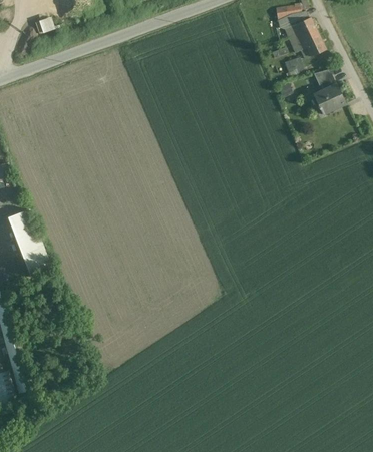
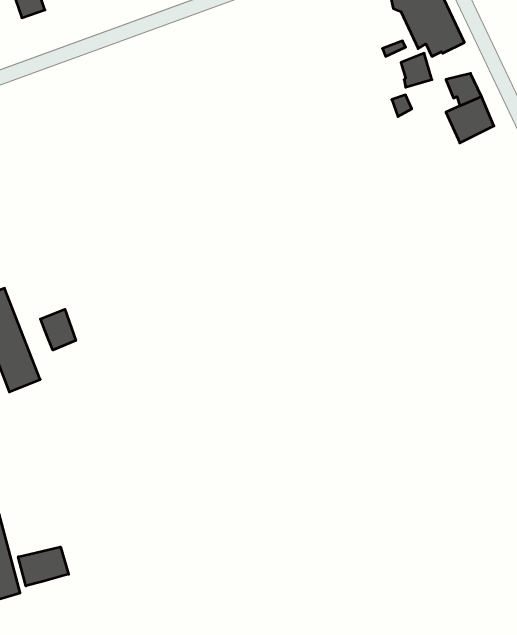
building: none -> [40,309,76,350]
building: none -> [18,547,69,586]

